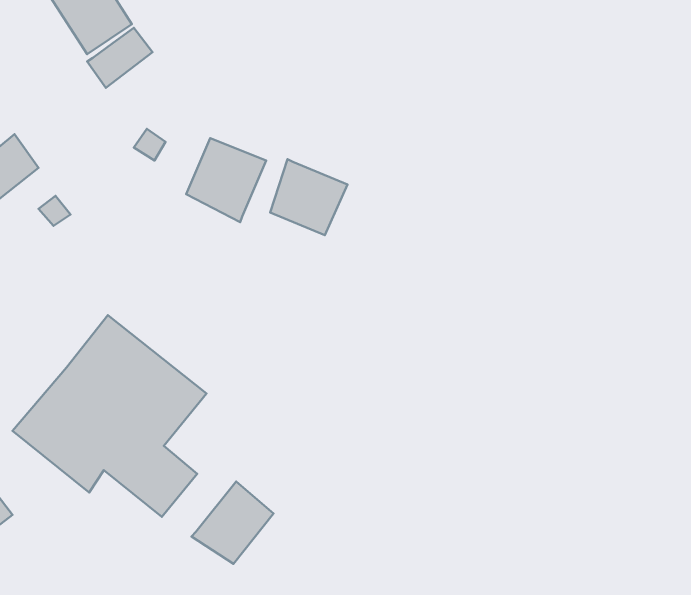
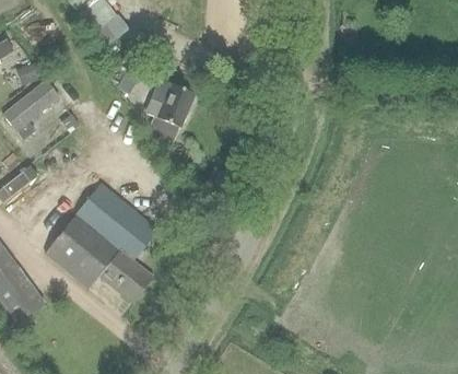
building: [270,159,347,235] -> none
building: [192,481,274,564] -> none

